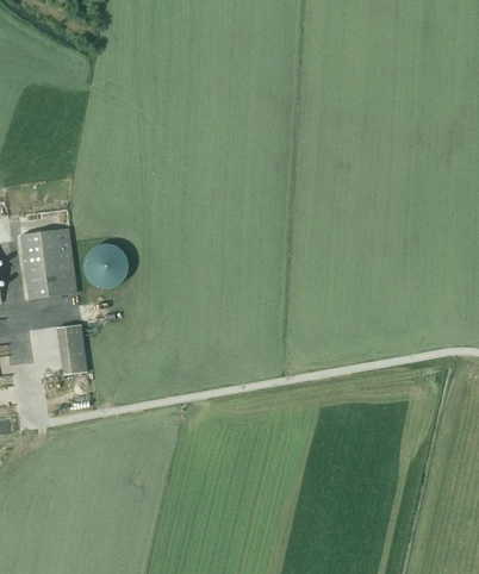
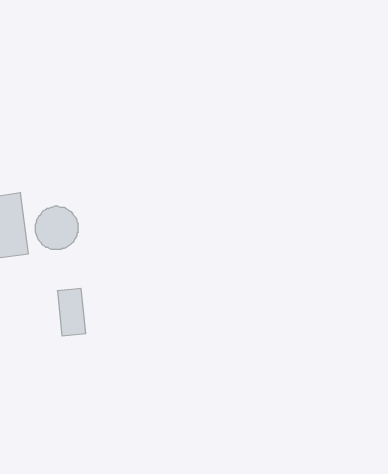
building: [58,329,88,379] -> [57,288,86,336]

